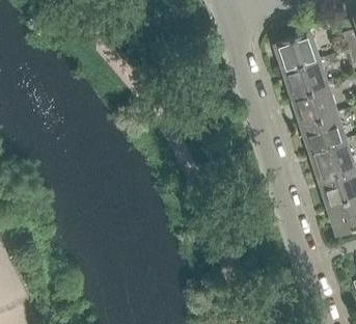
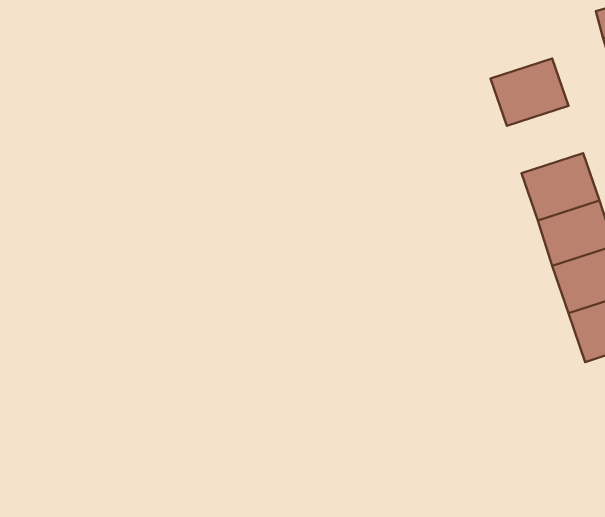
building: [274,32,319,73] -> none
building: [293,88,336,127] -> none

